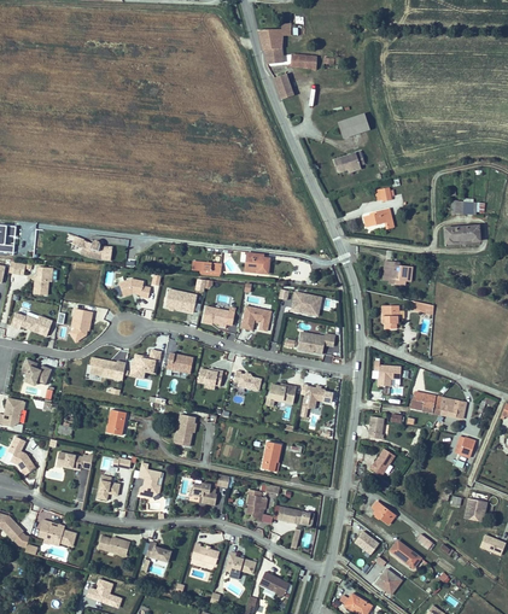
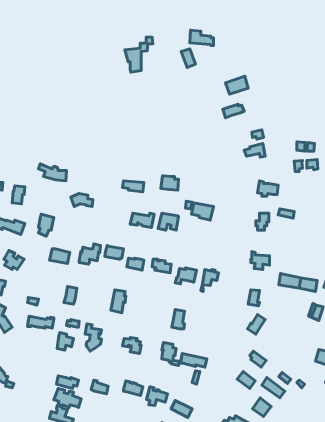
building: [258,14,298,64] -> [125,37,153,72]
building: [164,290,197,312] -> none
building: [298,332,335,355] -> none
building: [36,519,75,545] -> [54,389,81,407]

